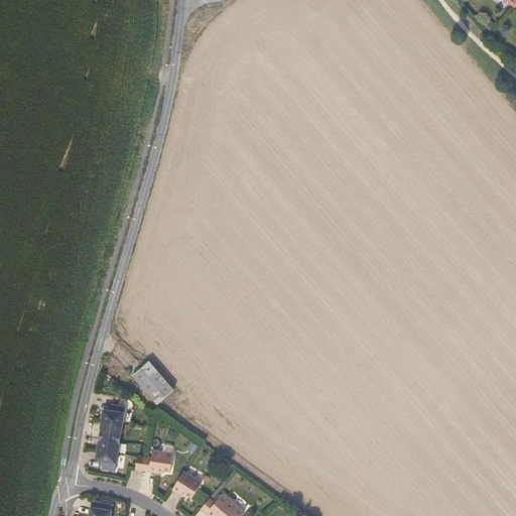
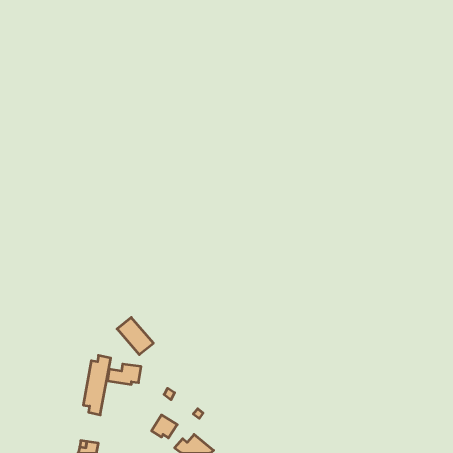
building: [135,450,173,474] -> [107,364,141,384]

